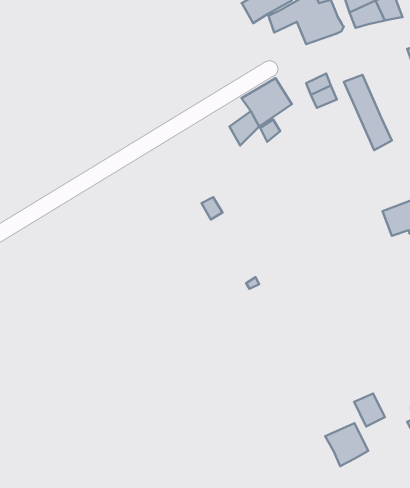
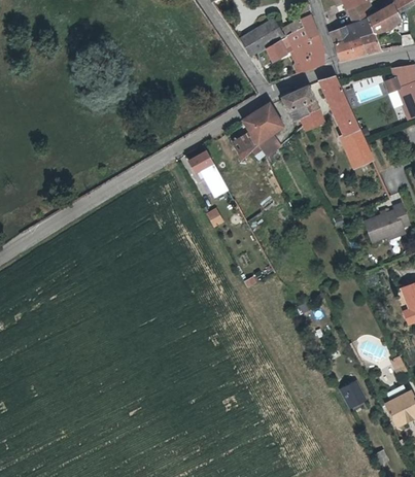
building: none -> [319,76,346,106]
building: none -> [281,86,314,111]
building: none -> [188,150,229,197]
building: [325,423,368,466] -> none

